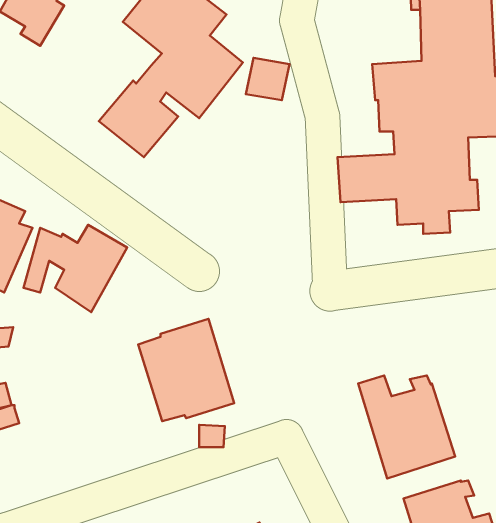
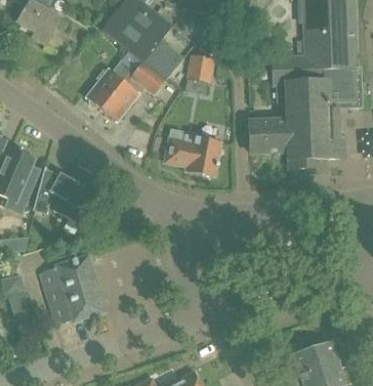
building: none -> [165,129,220,176]
building: [138,319,234,421] -> [40,254,106,324]
building: [358,375,455,478] -> none

